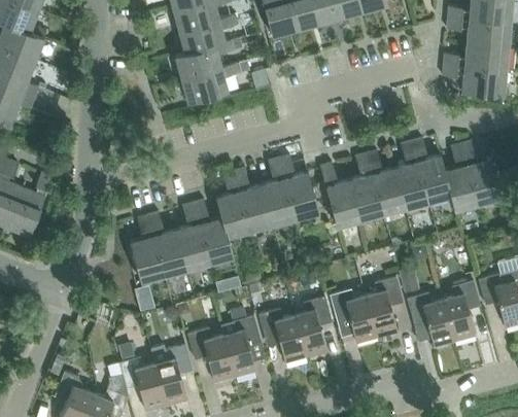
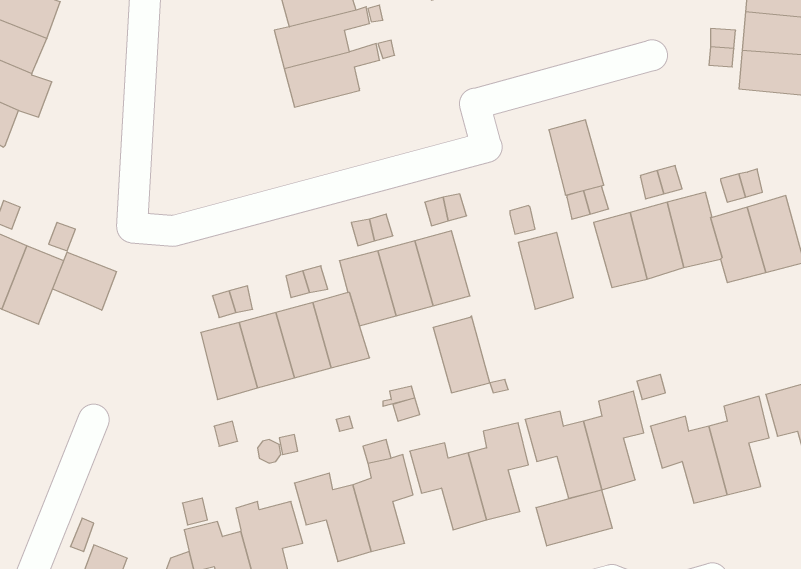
building: [284,172,319,219] -> [433,316,490,393]
building: [349,174,383,220] -> [549,120,604,195]
building: none -> [53,252,116,310]
building: none -> [536,490,612,546]

